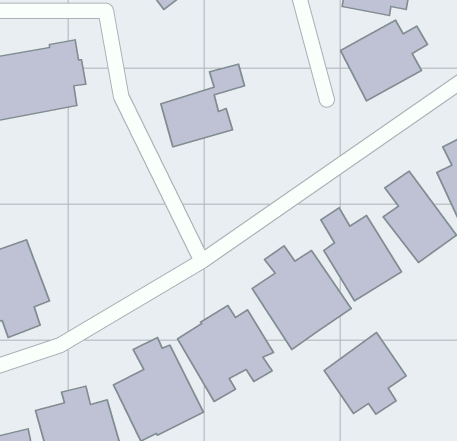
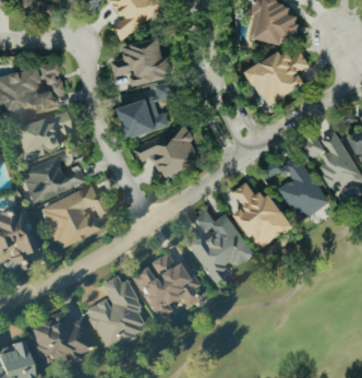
building: none -> [110,38,172,88]
building: none -> [13,113,71,160]
building: none -> [131,125,200,177]
building: none -> [20,157,85,203]
building: none -> [38,186,112,250]
building: [324,333,406,414] -> none

